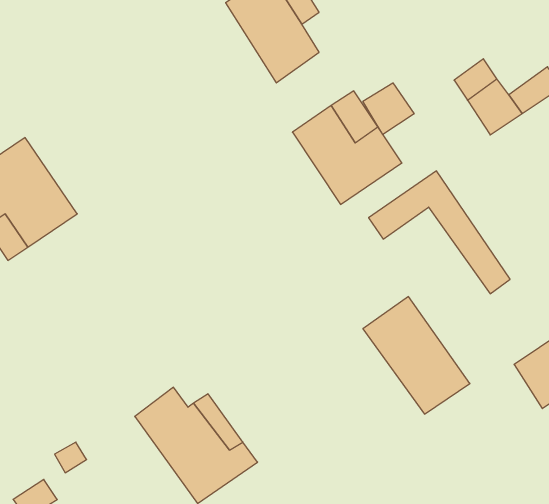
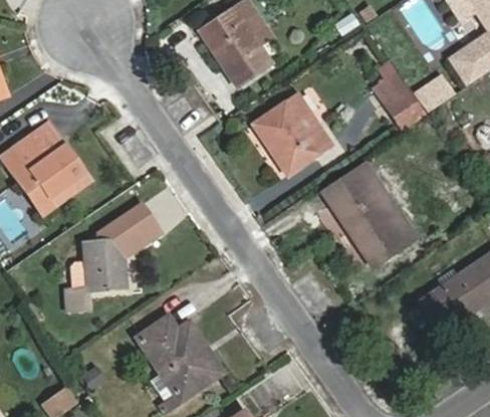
building: [363,83,414,135] -> none
building: none -> [60,203,159,310]
building: [363,297,470,414] -> [321,181,402,269]

